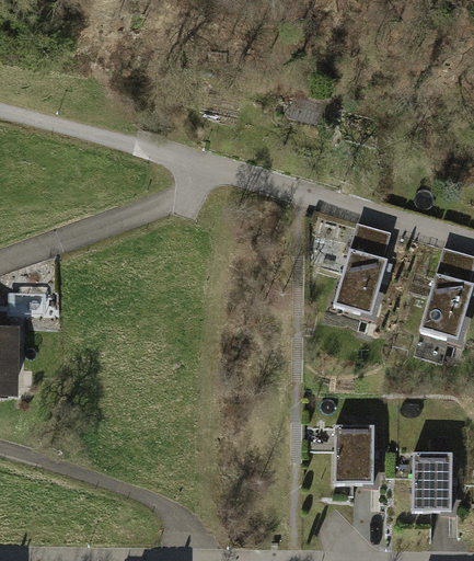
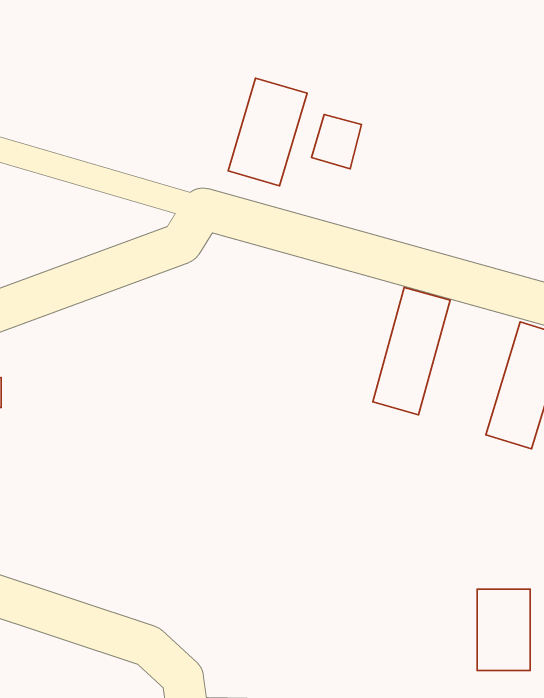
building: none -> [228,78,307,186]
building: [334,426,374,490] -> none

